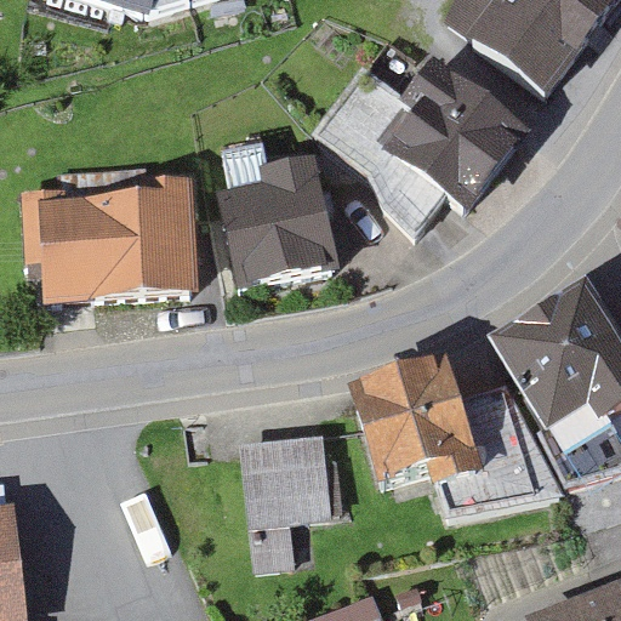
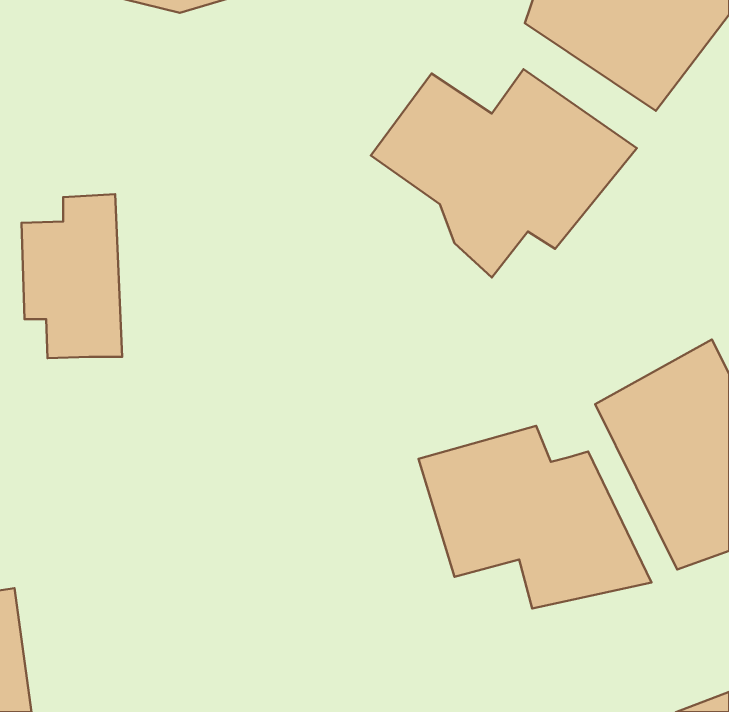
building: [221,152,335,284] -> none
building: [97,163,190,301] -> none
building: [240,434,327,565] -> none

